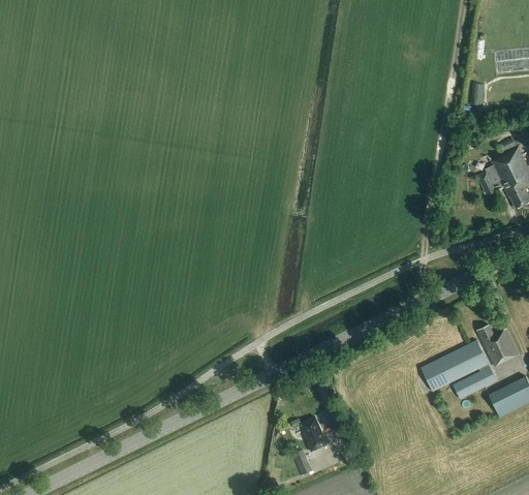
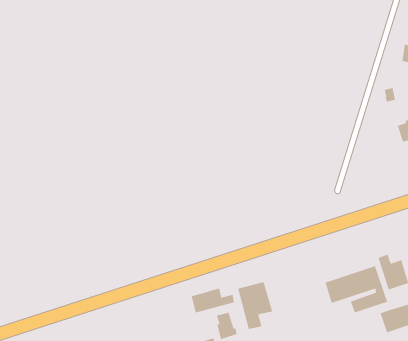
building: none -> [237,281,273,330]
building: none -> [191,288,235,314]

